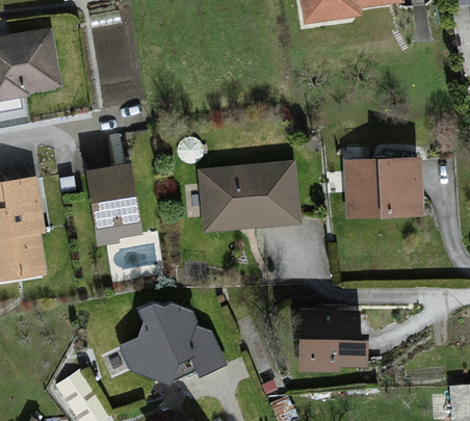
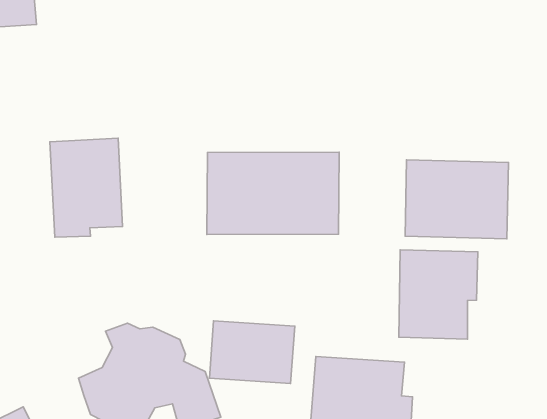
building: none -> [399,250,478,339]
building: none -> [209,321,295,384]

